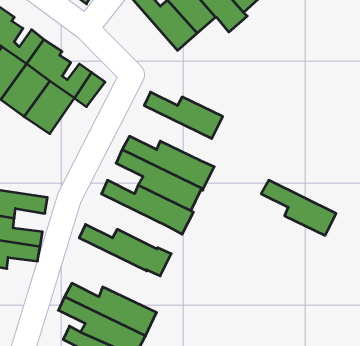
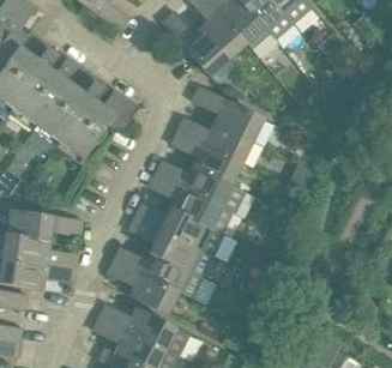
building: none -> [191,86,264,141]
building: [261,180,336,235] -> [169,131,242,185]
building: none -> [127,217,200,271]
building: none -> [105,260,179,315]

